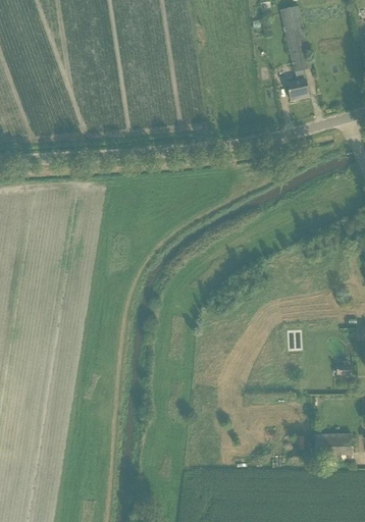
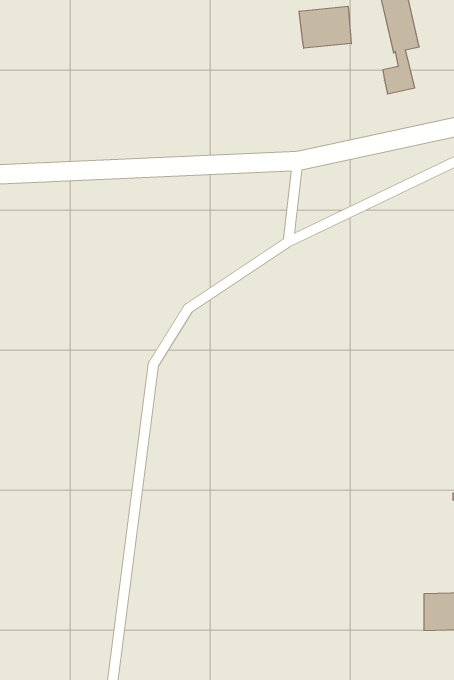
building: none -> [299,6,351,48]

